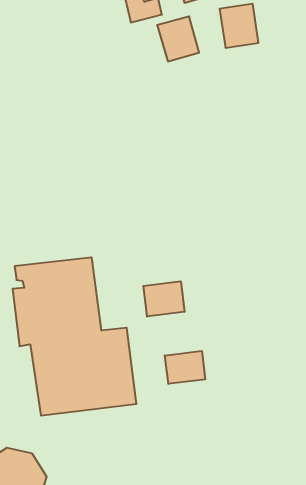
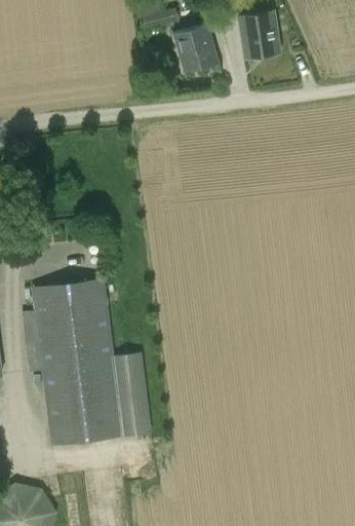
building: [143,281,184,317] -> none
building: [165,351,205,384] -> none

